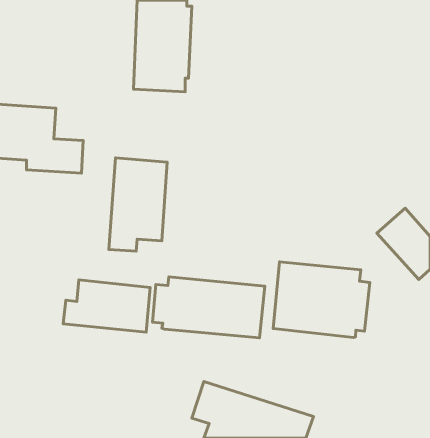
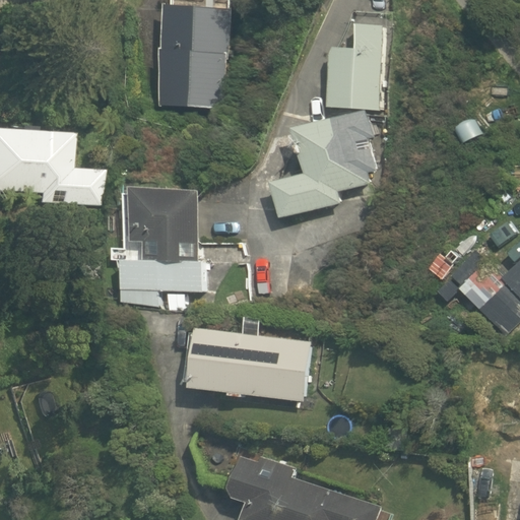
building: none -> [272,22,382,216]
building: [273,262,370,337] -> none
building: [63,280,150,332] -> none

